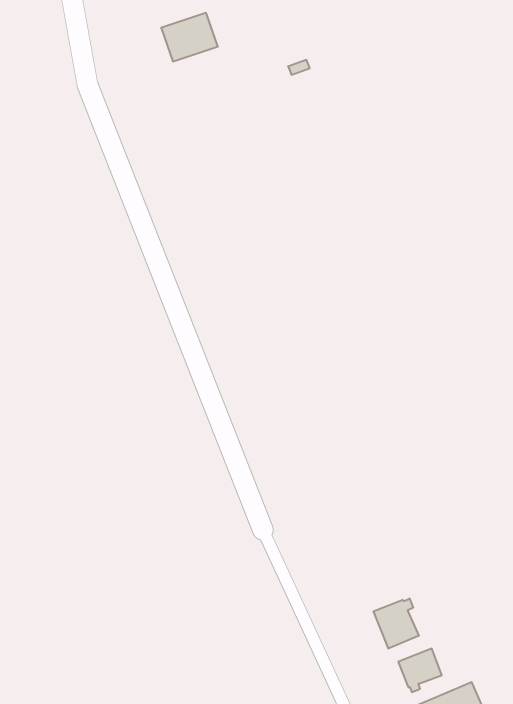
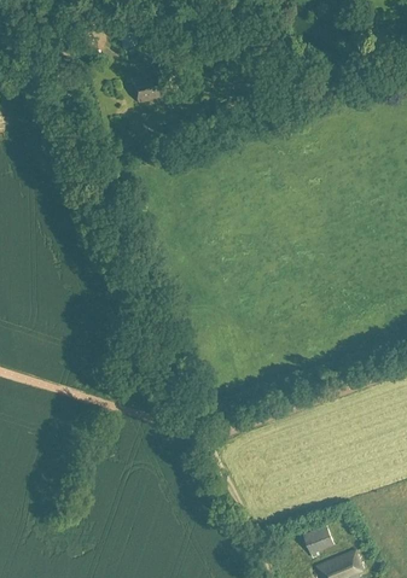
building: [374,598,419,649] -> none

